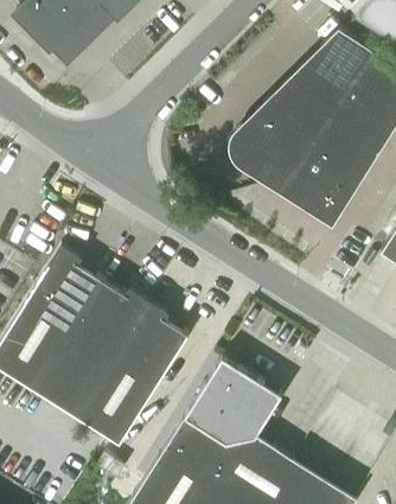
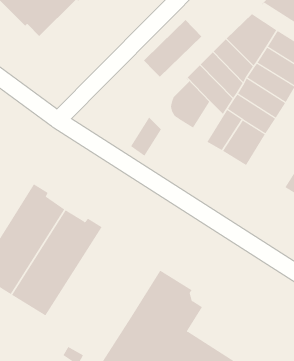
building: none -> [143,19,202,78]
building: [262,142,302,193] -> [130,116,162,156]
building: [76,302,189,445] -> none

